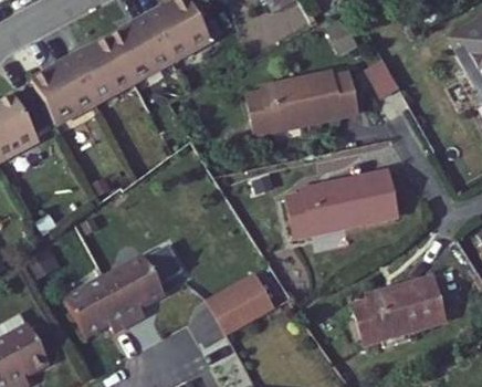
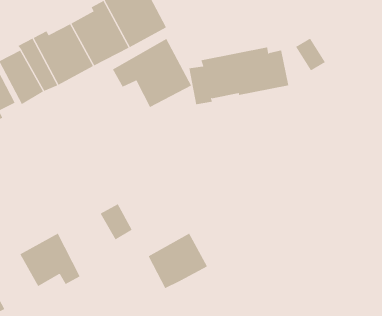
building: none -> [112,38,192,108]
building: [293,170,386,234] -> none
building: [101,250,159,318] -> none
building: [344,279,433,338] -> none

